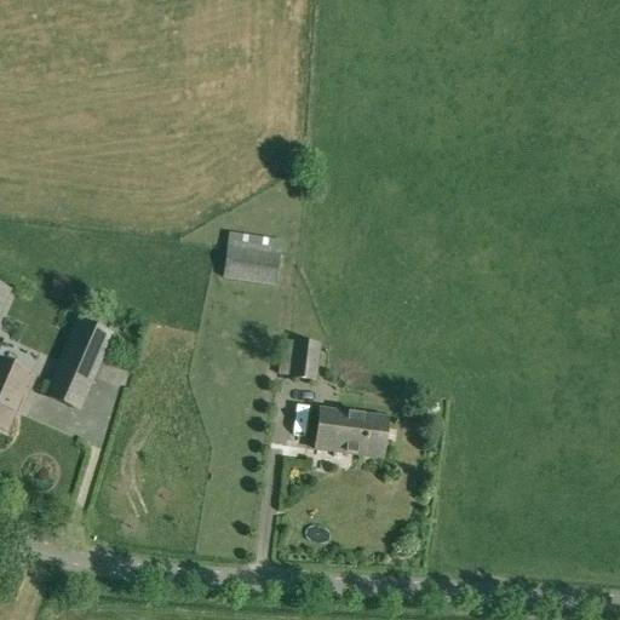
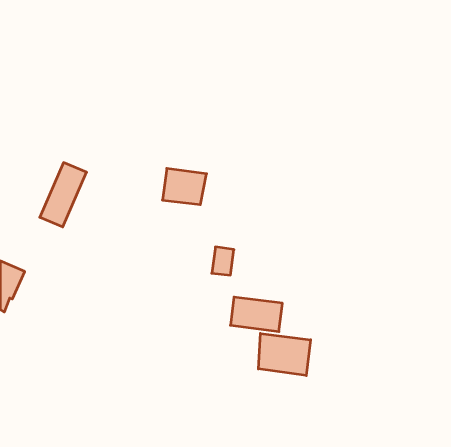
building: [46,318,110,407] -> [40,163,87,227]
building: none -> [258,333,311,376]

